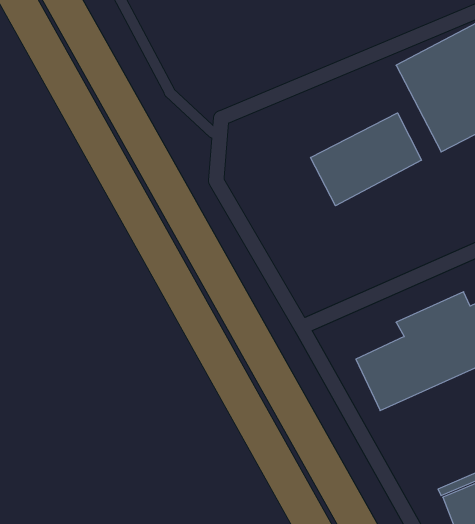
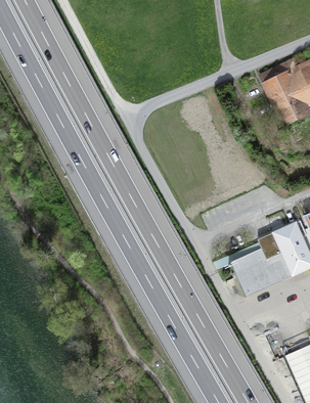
building: [311,113,421,206] -> none

